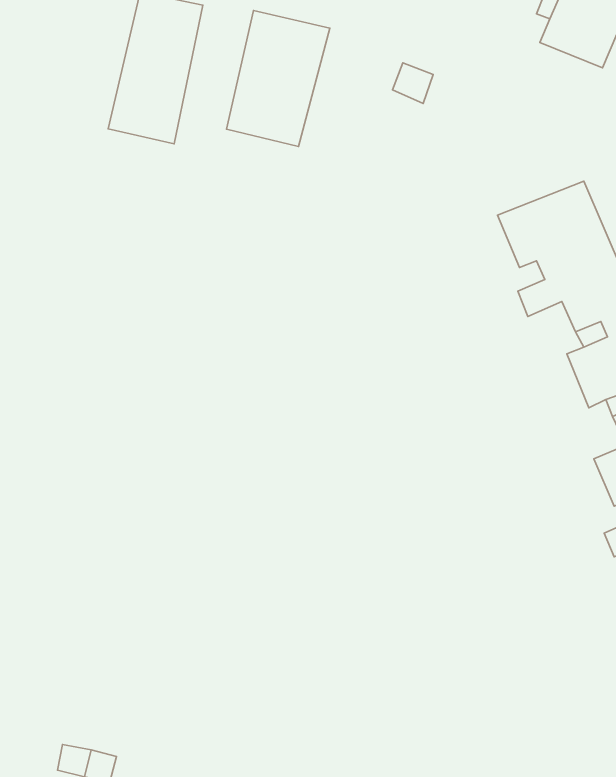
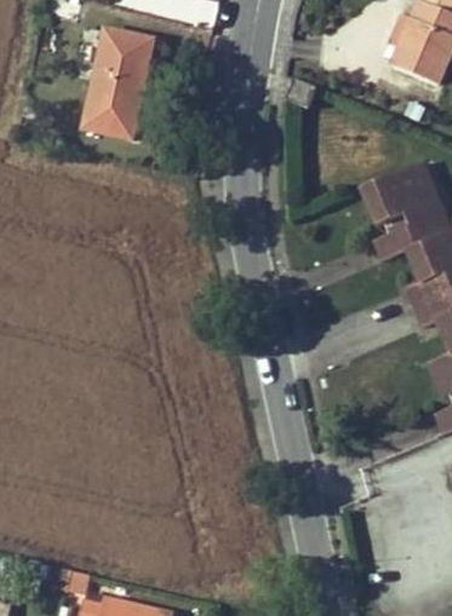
building: [227,10,330,147] -> none

